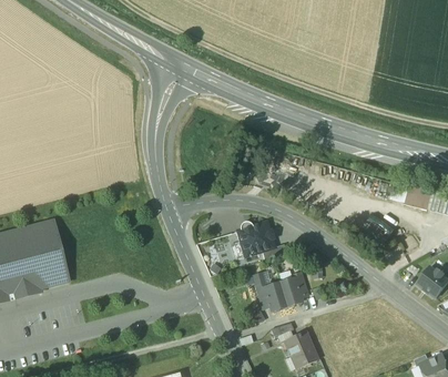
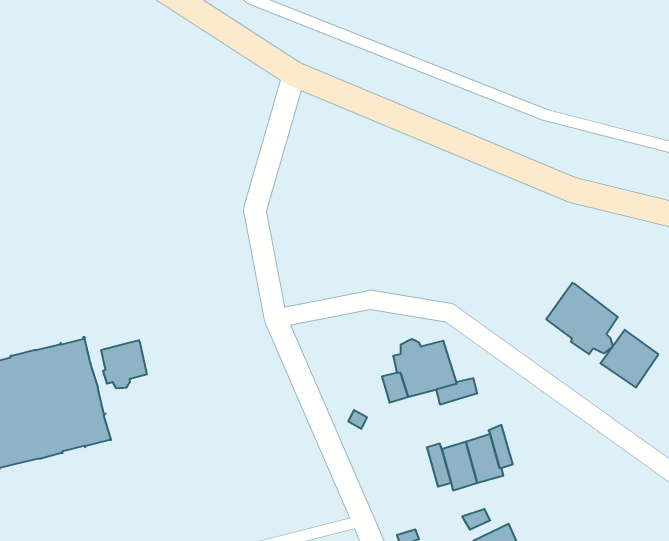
building: none -> [546,283,618,354]
building: none -> [101,340,147,388]

